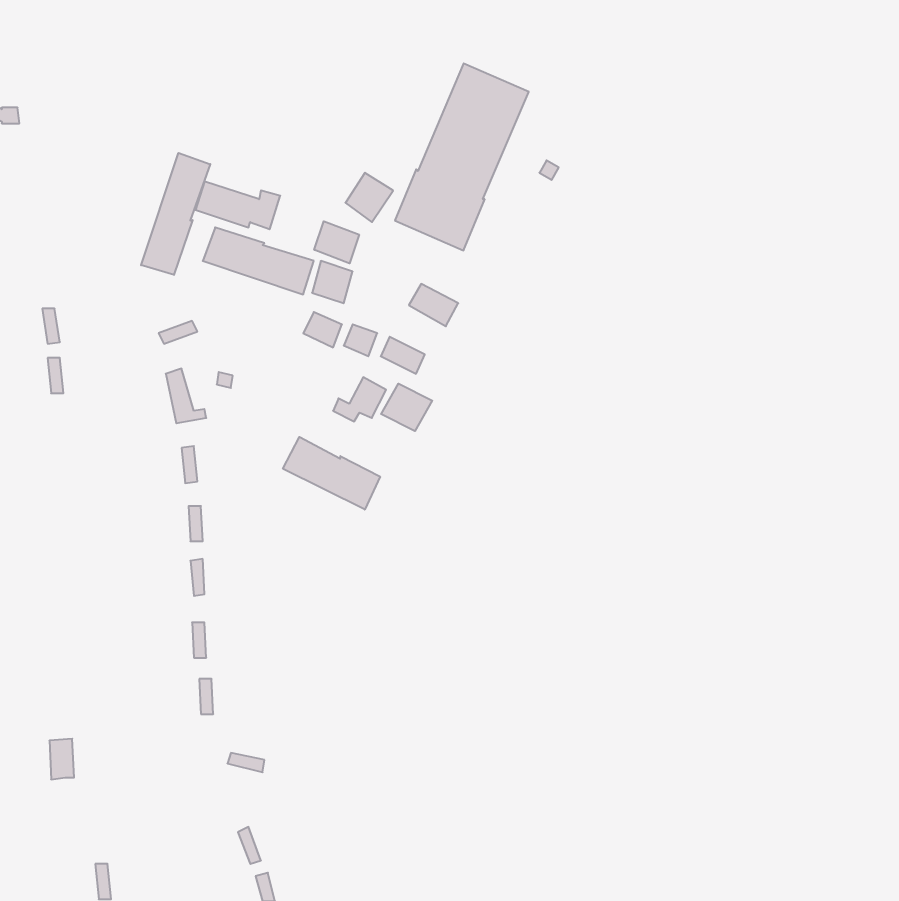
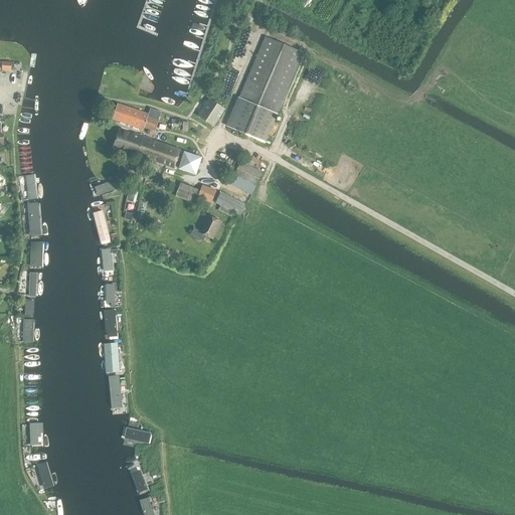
building: [141,153,210,275] -> none
building: [314,221,359,263] -> none
building: [381,384,432,431] -> none
building: [283,437,380,510] -> none

